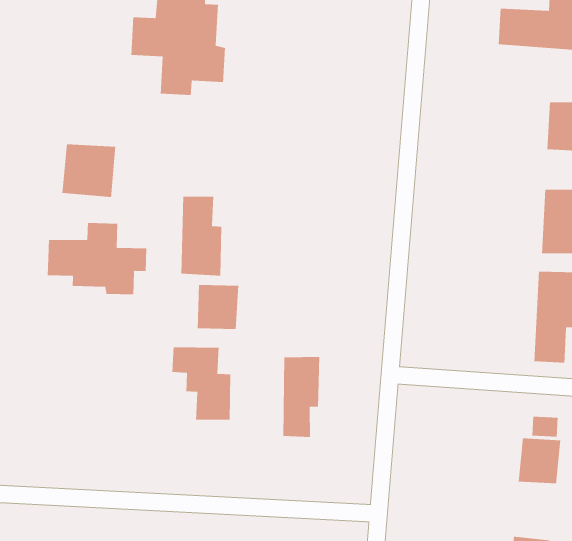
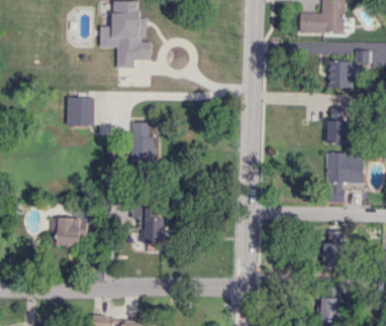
building: [47,222,147,295] -> none
building: [197,284,239,330] -> none
building: [282,356,320,438] -> none
building: none -> [50,218,86,245]

